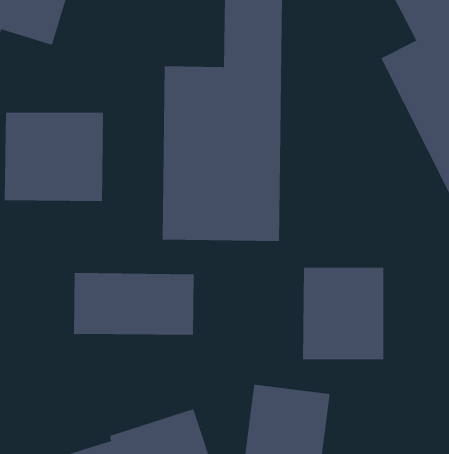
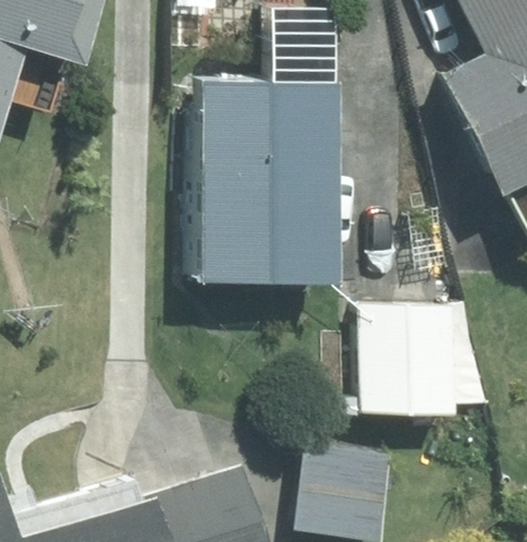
building: [4,112,104,202] -> none
building: [73,272,194,335] -> none

